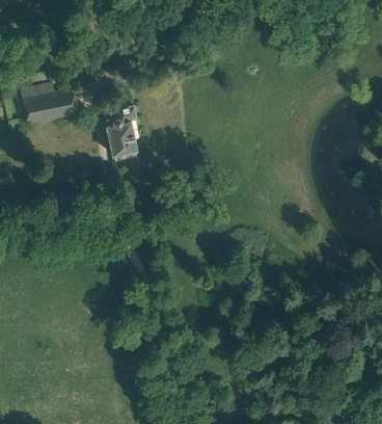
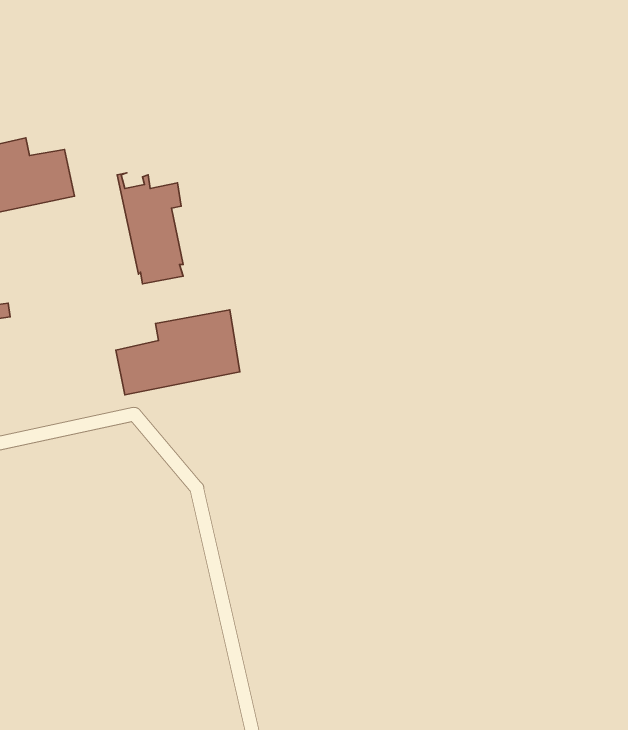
building: none -> [116,310,240,395]

